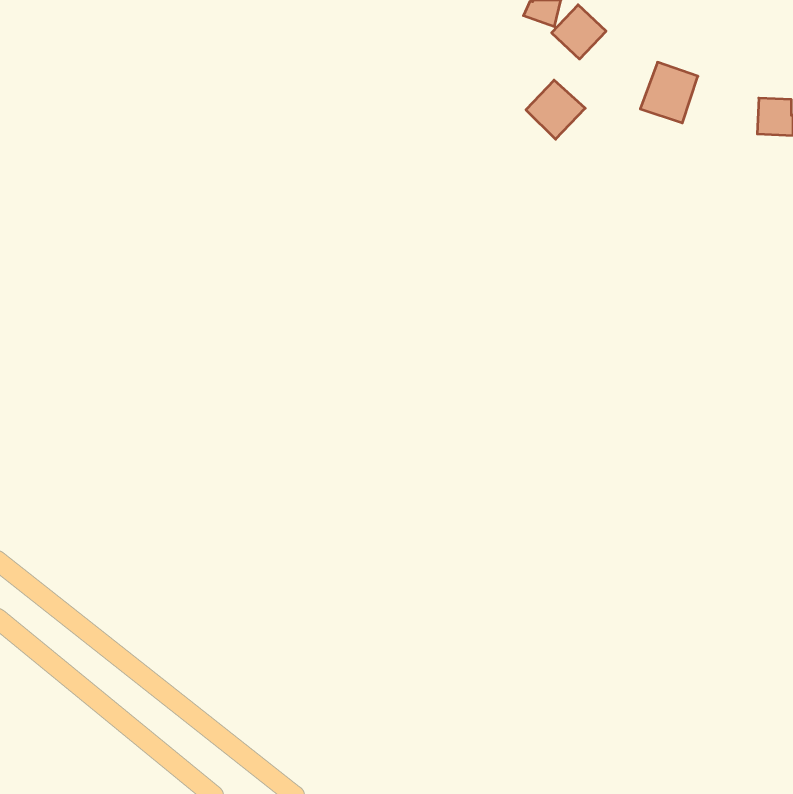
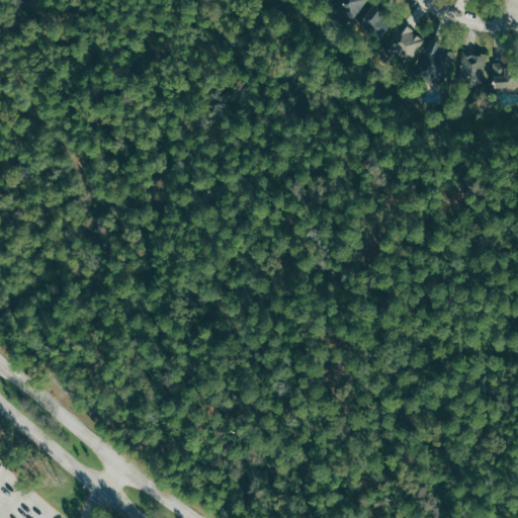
building: [526,80,585,139] -> [385,24,424,63]
building: none -> [461,54,485,88]

